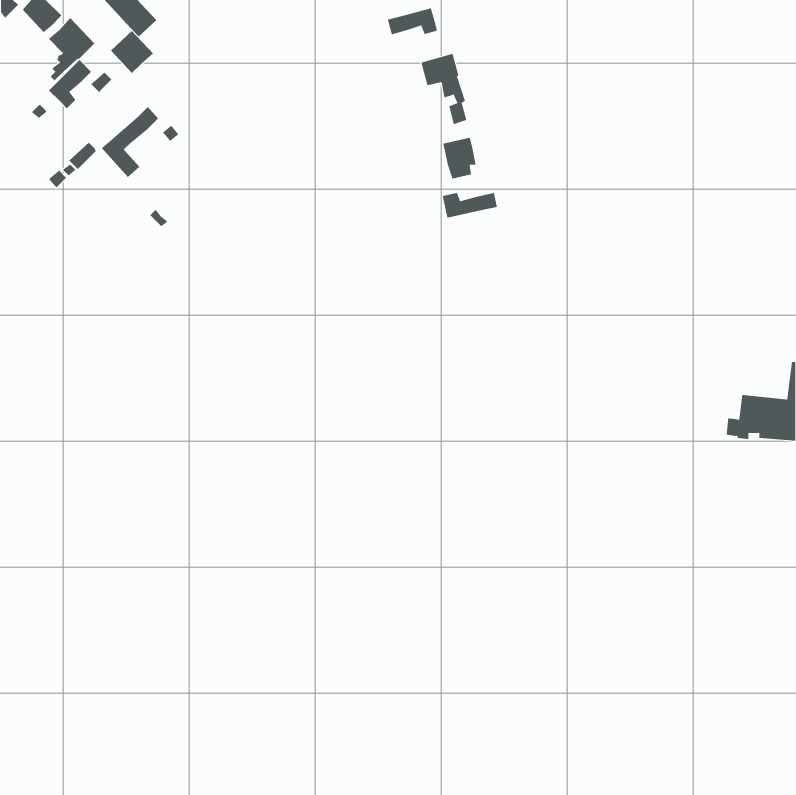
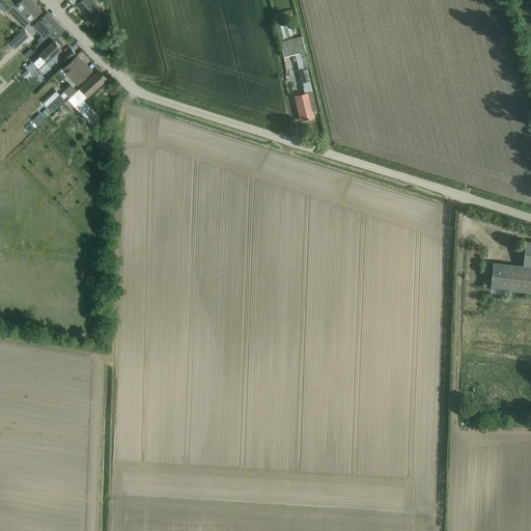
building: [387,7,438,35] -> none
building: [110,30,154,74] -> [62,55,91,84]
building: [442,192,498,219] -> none

